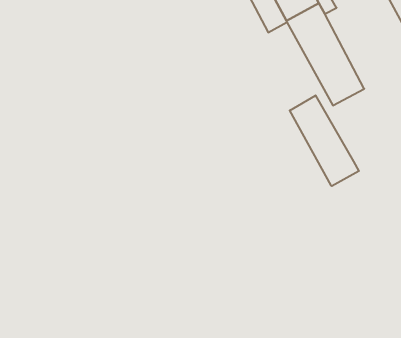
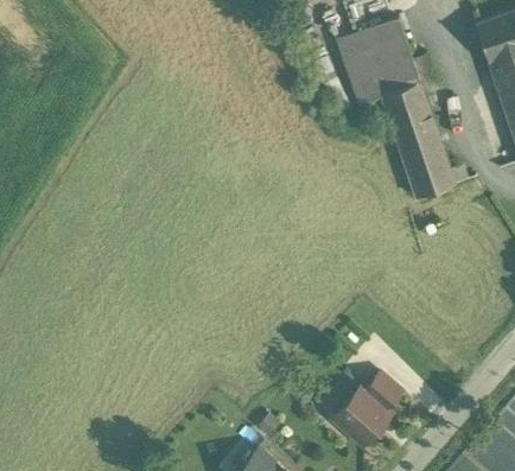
building: [290,95,359,186] -> none
building: none -> [335,374,403,445]

